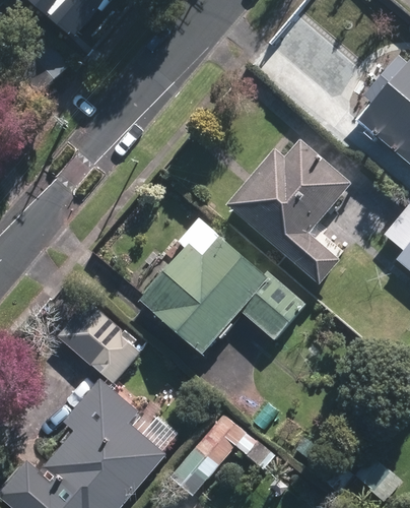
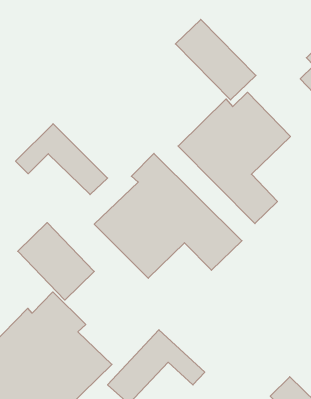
building: none -> [175,19,256,100]
building: none -> [16,124,108,195]

